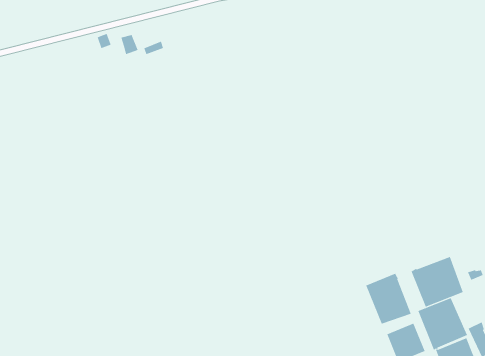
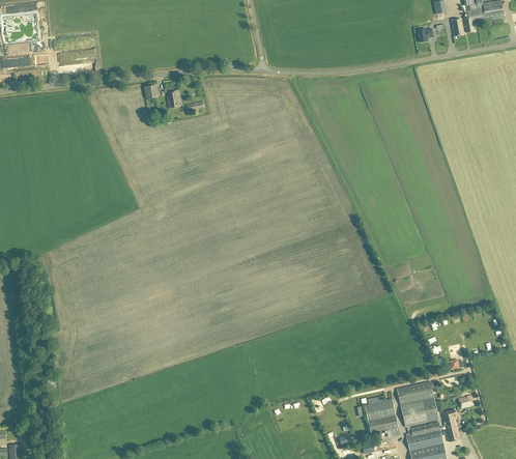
building: [411,256,463,308] -> none
building: [366,273,411,325] -> none

